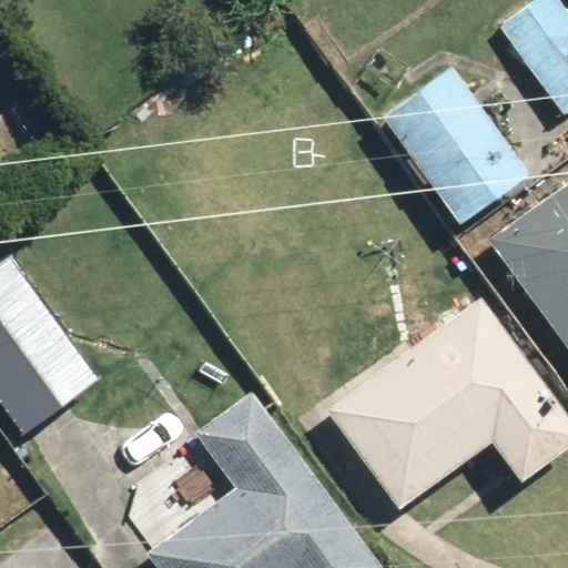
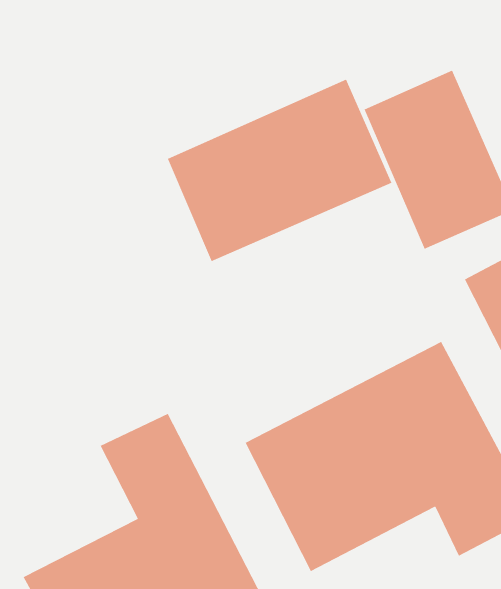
building: none -> [167,79,392,262]

